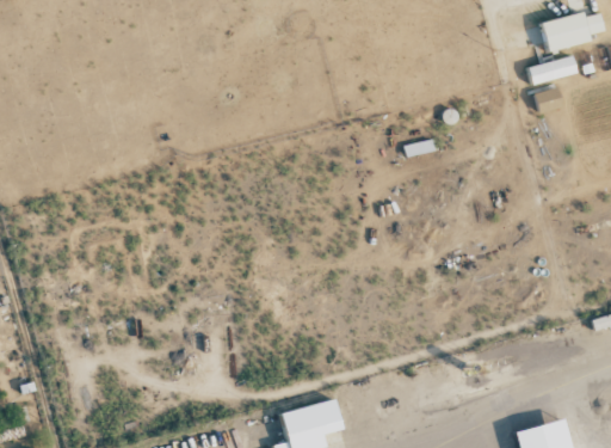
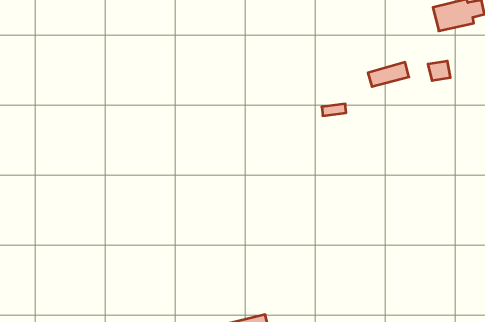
building: [527,55,578,85] -> [368,62,409,87]

